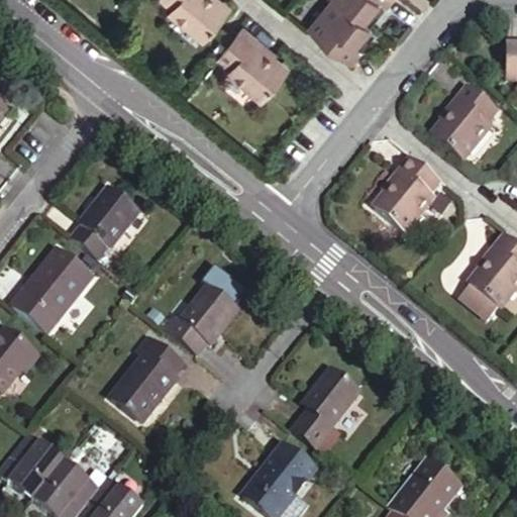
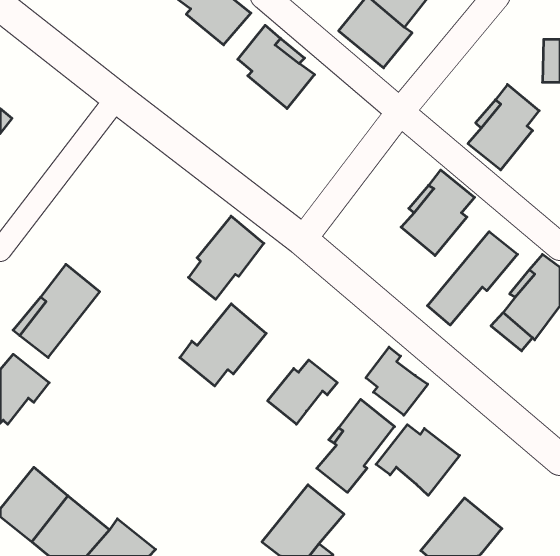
building: [74,179,143,255] -> [188,216,264,299]
building: none -> [427,232,518,325]
building: none -> [366,347,428,415]
building: none -> [268,360,337,424]
building: [108,337,179,423] -> none
building: none -> [376,425,460,495]

